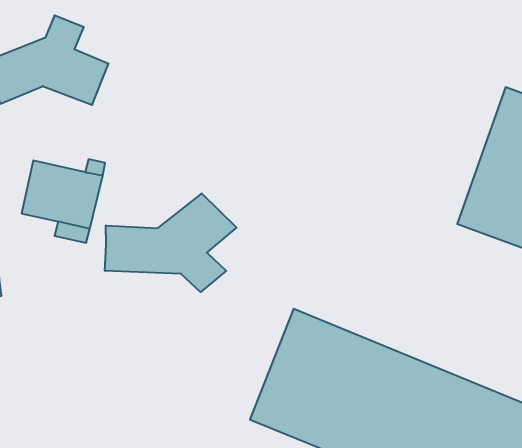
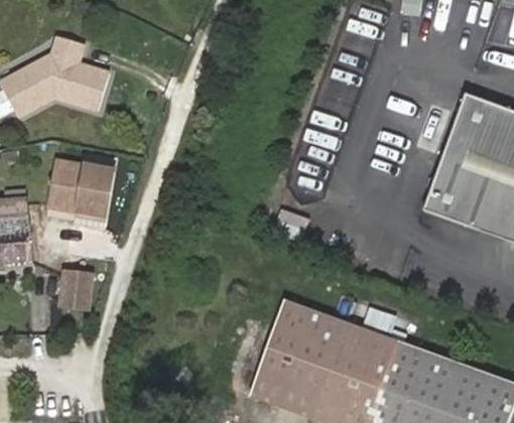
building: [105,193,237,292] -> none
building: none -> [56,276,87,308]

